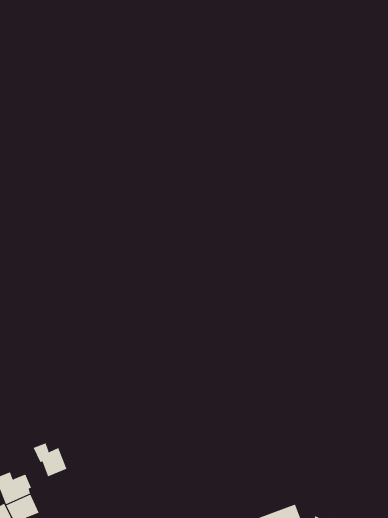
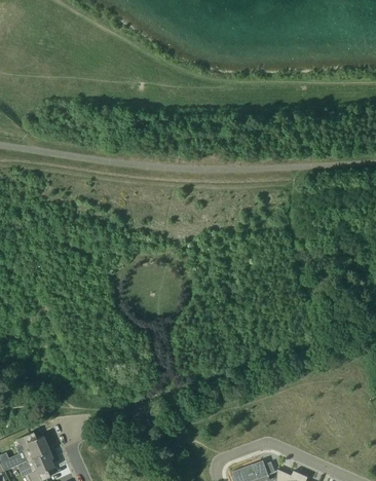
building: [33,443,67,477] -> none

